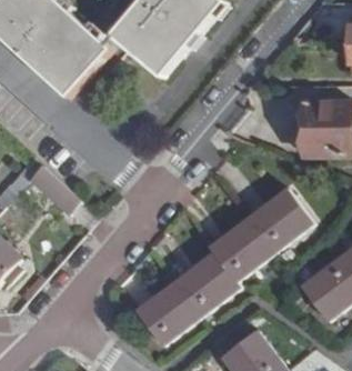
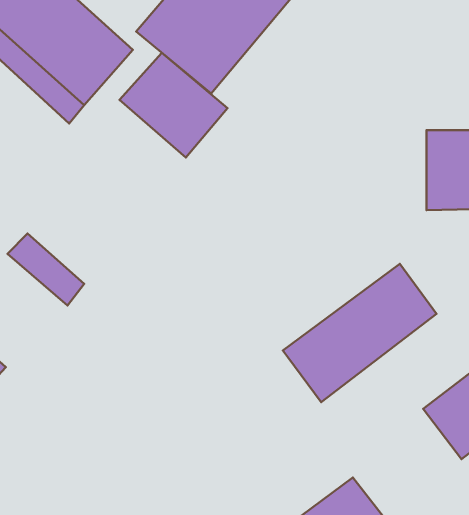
building: none -> [120,53,227,158]
building: [134,252,237,347] -> none

